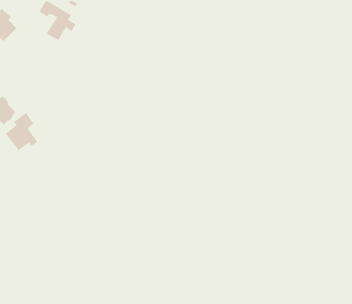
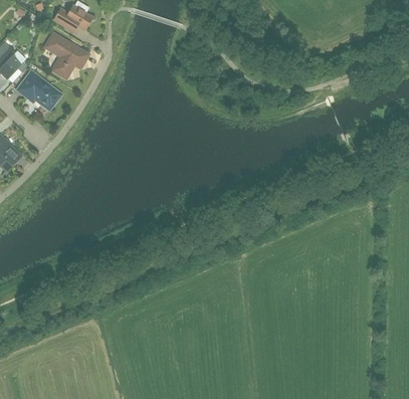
building: none -> [16,70,59,107]
building: [5,112,38,151] -> none

